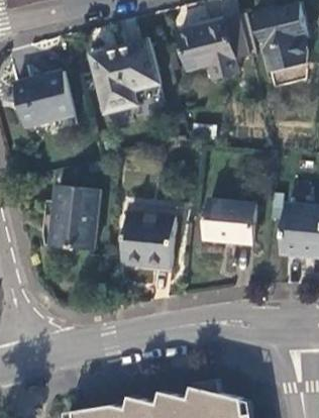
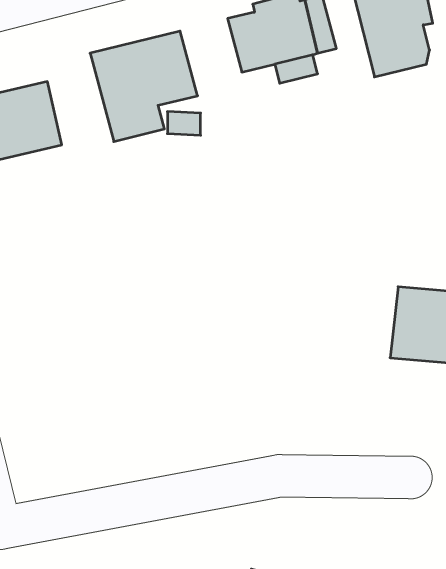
building: [48,187,97,249] -> none
building: [203,201,253,243] -> none
building: [121,214,172,267] -> none

